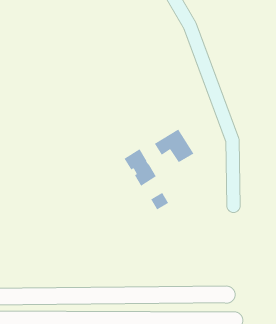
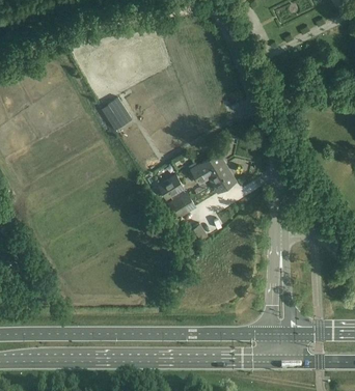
building: none -> [102,93,132,124]

